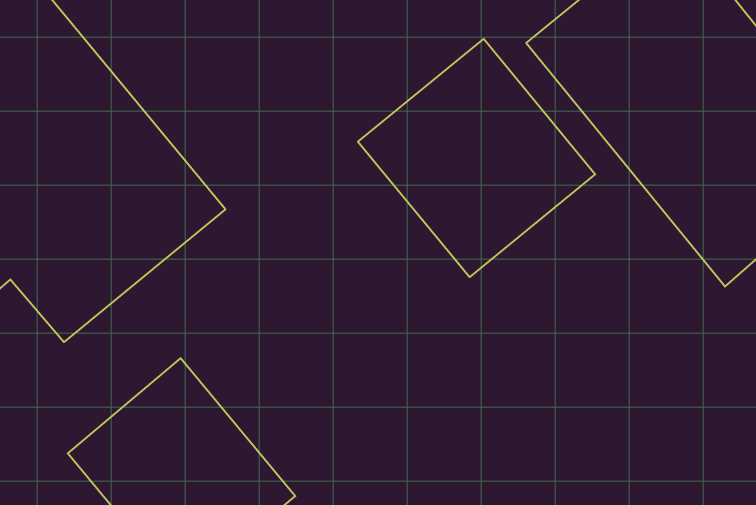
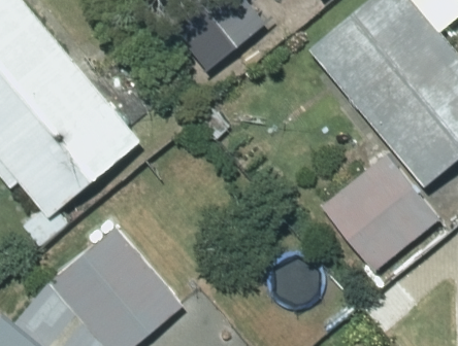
building: [358,39,595,277] -> none
building: none -> [321,154,437,272]

